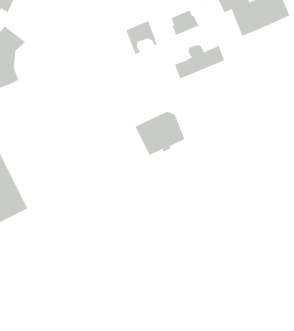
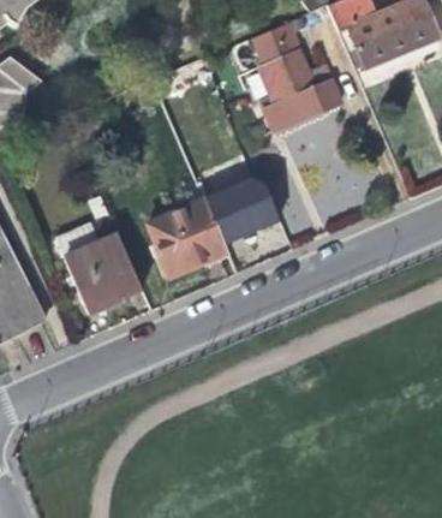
building: [125,20,158,55] -> [264,48,312,100]
building: none -> [148,198,226,275]
building: none -> [61,234,142,312]

